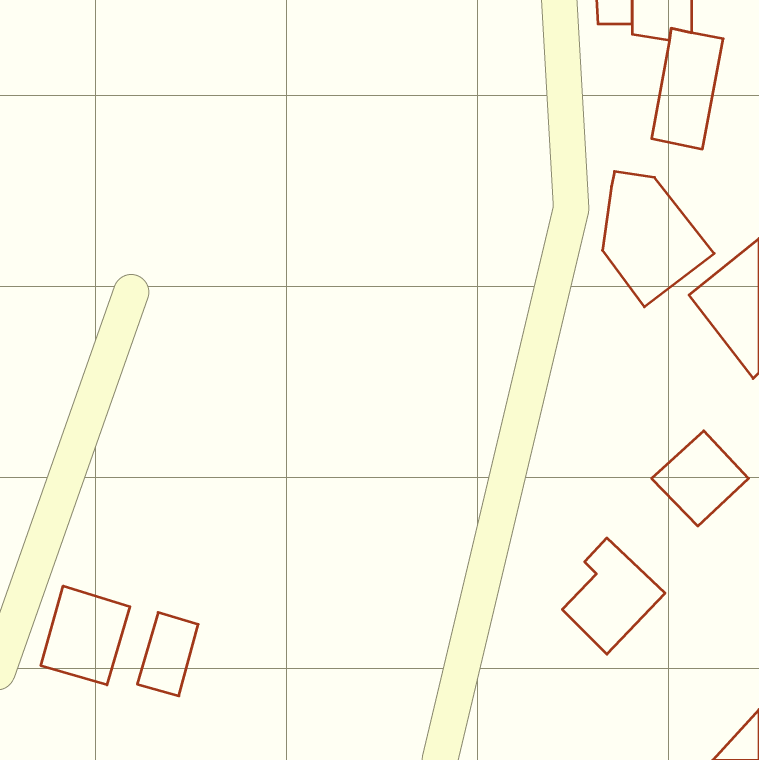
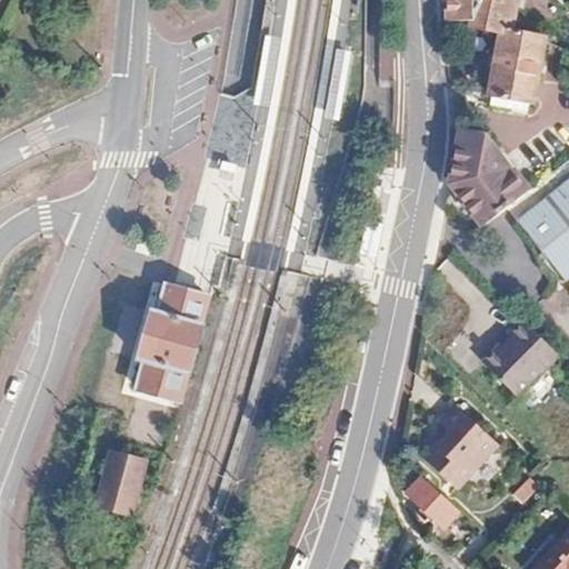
building: none -> [133,272,221,405]
building: [41,586,130,685] -> none
building: none -> [402,473,458,528]

